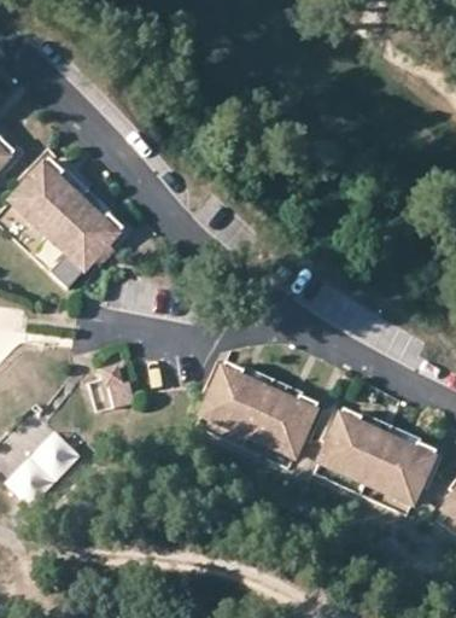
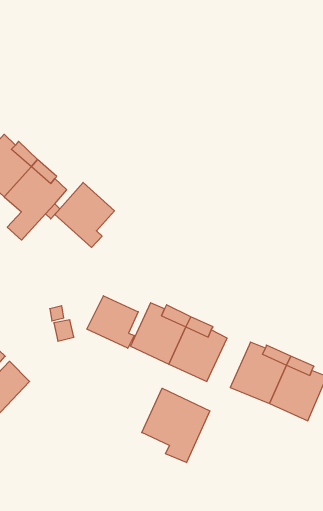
building: none -> [55,182,114,247]
building: none -> [87,296,138,348]
building: none -> [142,388,210,463]

